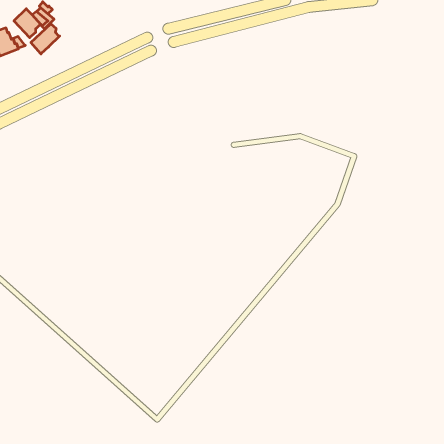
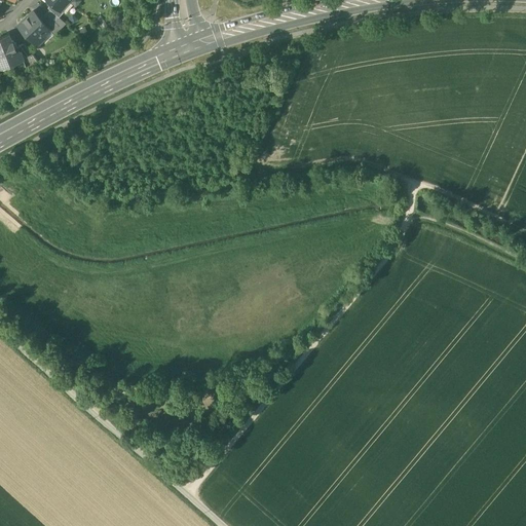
building: [31,24,60,54] -> none

